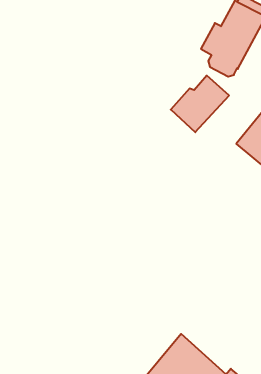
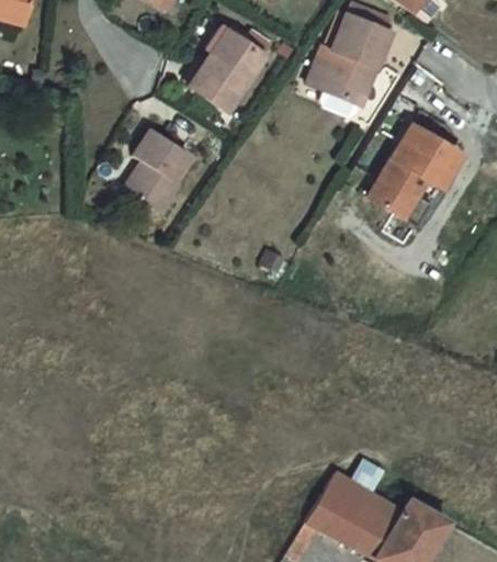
building: none -> [127,128,191,210]
building: [171,76,229,132] -> [189,36,266,115]

